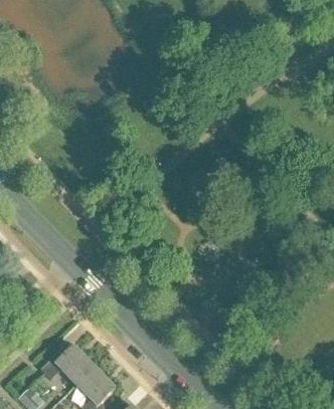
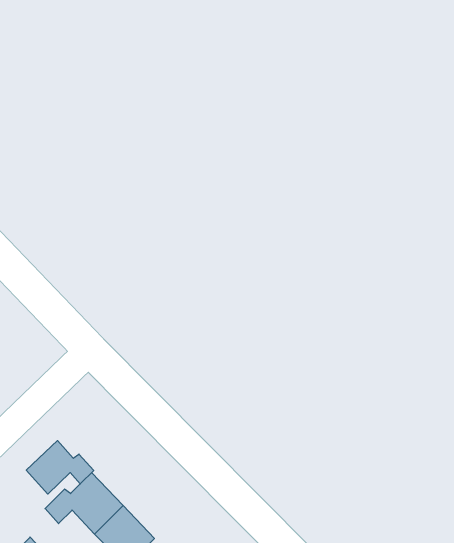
building: none -> [26,441,94,494]

